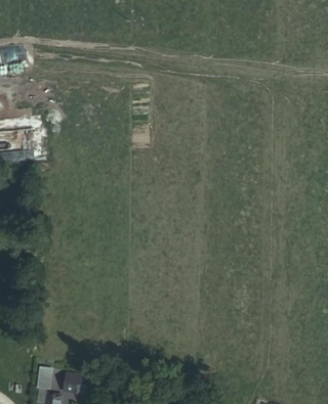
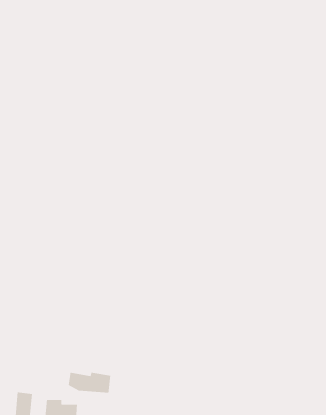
building: none -> [68,372,111,394]

